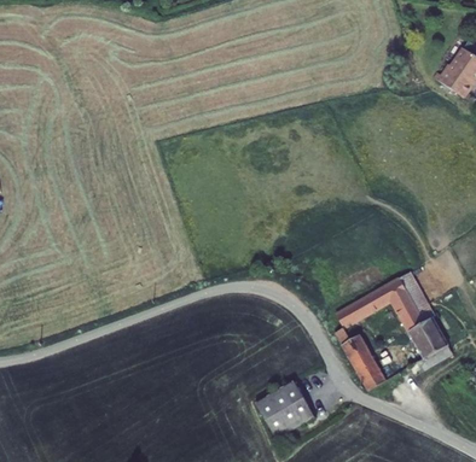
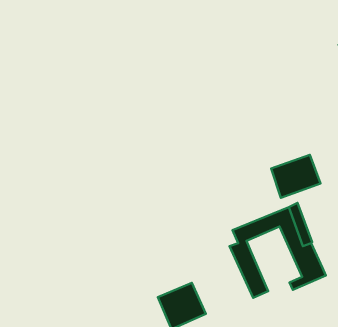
building: none -> [271,155,320,198]

